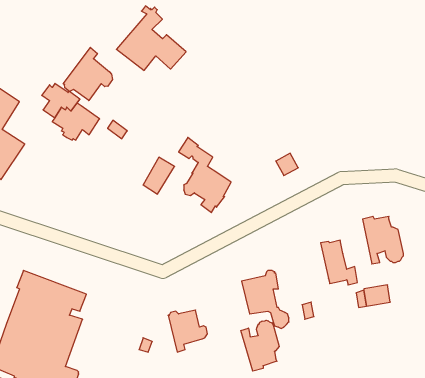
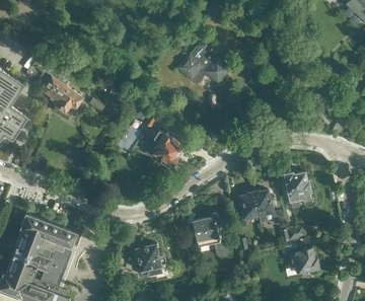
building: [116,6,186,70] -> [177,35,231,85]
building: [63,47,112,101] -> none
building: none -> [239,193,259,221]
building: none -> [285,247,318,278]
building: [241,320,279,371] -> none

